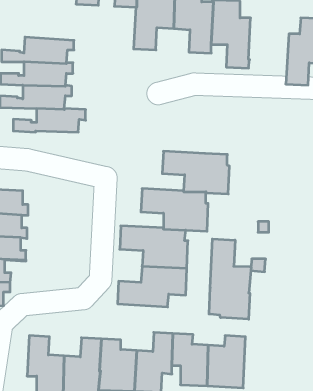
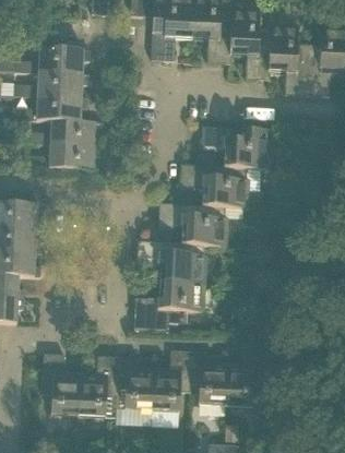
building: none -> [269,25,310,95]
building: none -> [201,126,271,169]
building: none -> [26,143,100,169]
building: [209,239,251,319] -> none

